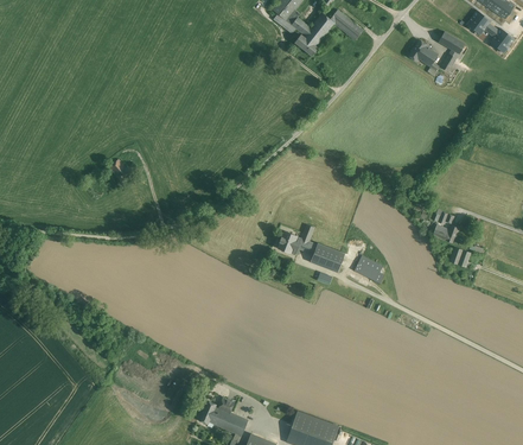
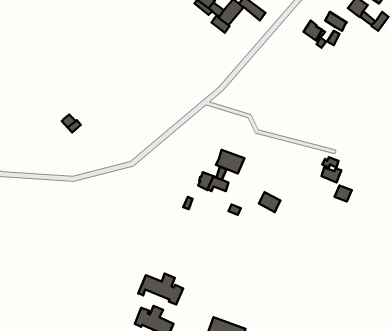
building: [310,242,345,272] -> [216,150,244,173]
building: none -> [138,273,183,305]

